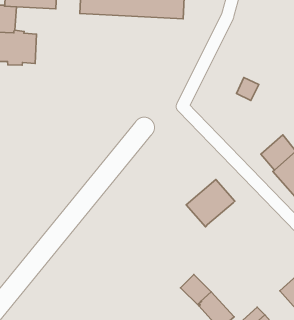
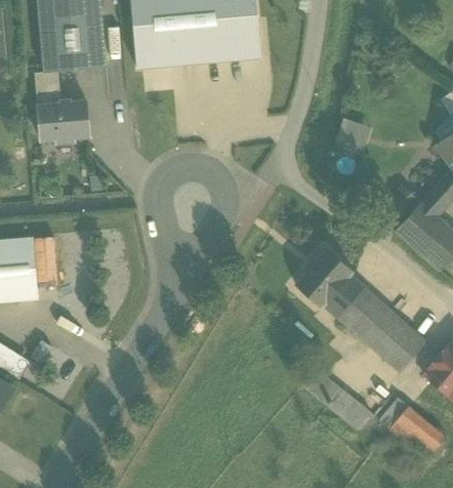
building: none -> [325,274,426,372]

